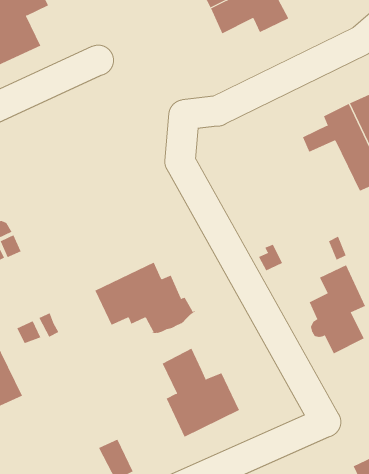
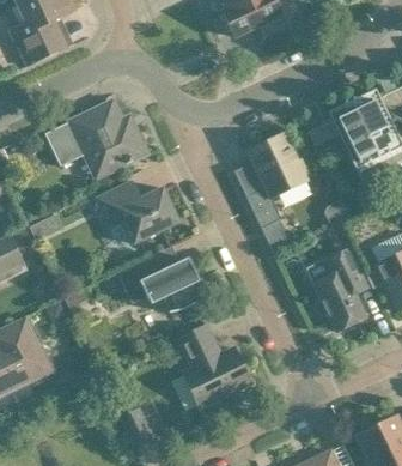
building: none -> [44,99,147,177]
building: none -> [245,132,306,228]
building: none -> [95,180,178,243]

